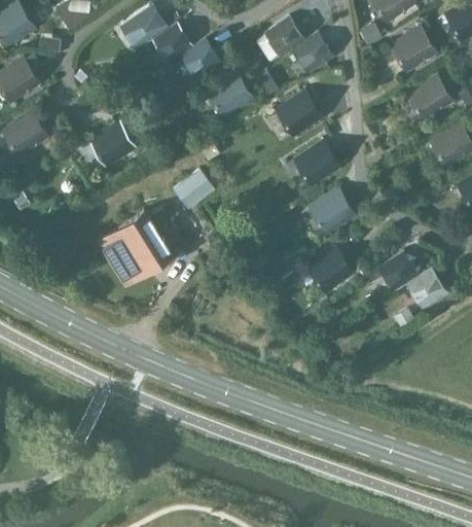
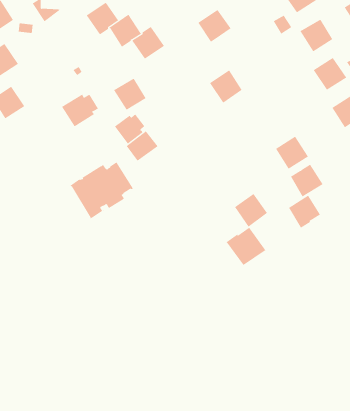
building: [291,31,333,73] -> none
building: [207,73,249,114] -> [113,78,147,110]
building: [295,142,337,184] -> none
building: none -> [114,114,145,144]
building: [310,189,352,232] -> [275,136,309,169]
building: [404,267,446,309] -> [290,164,323,197]
building: none -> [226,227,266,266]

